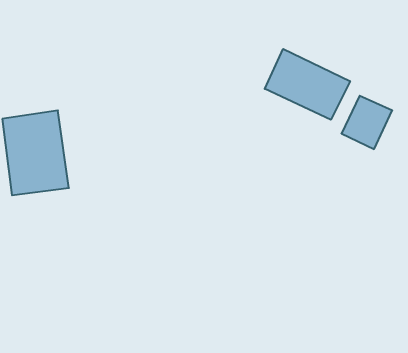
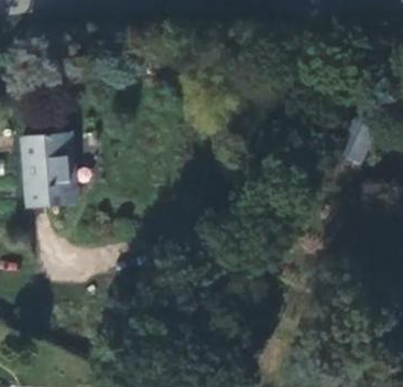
building: [265,49,350,120] -> none

